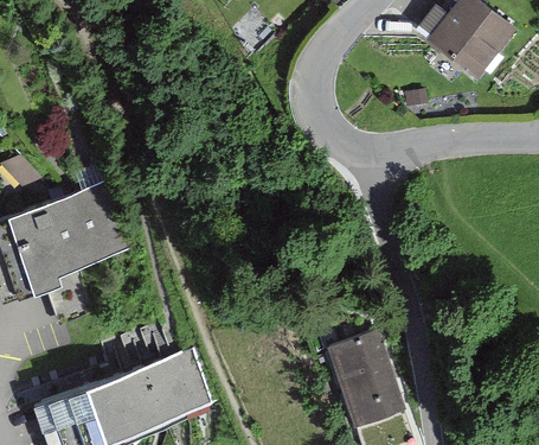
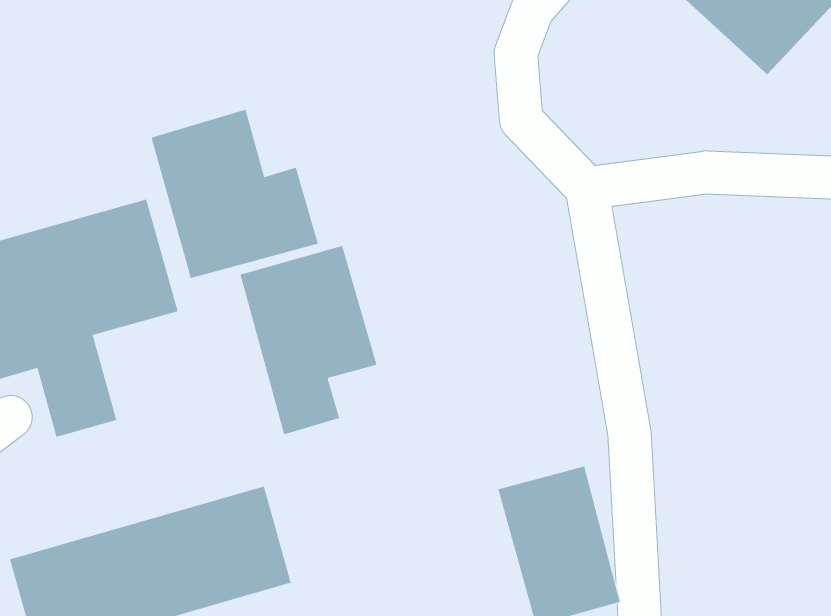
building: none -> [151,109,319,279]
building: none -> [240,245,377,435]

